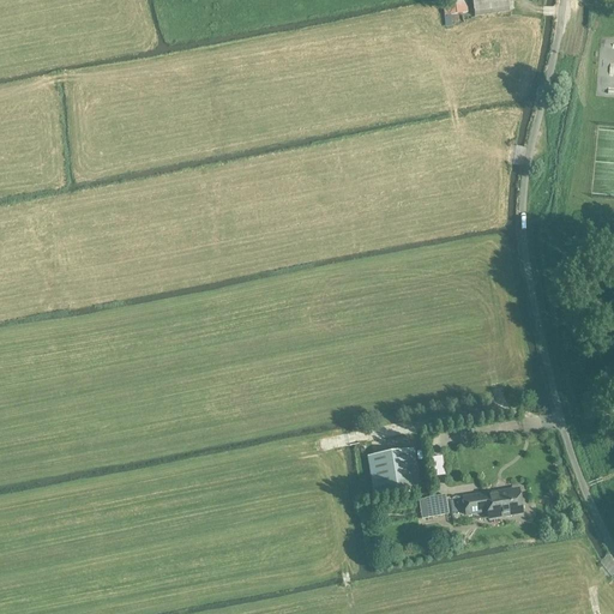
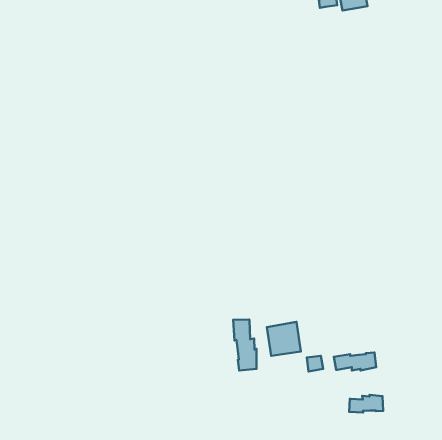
building: none -> [233,320,257,371]
building: none -> [349,395,383,412]

